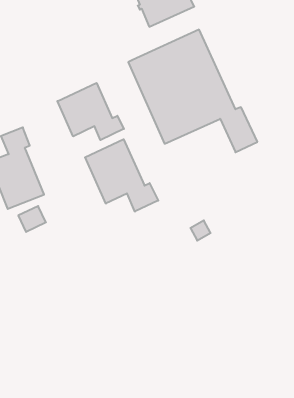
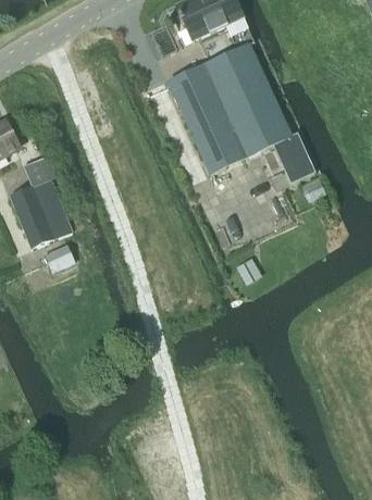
building: [57,83,124,140] -> none
building: [85,139,158,212] -> none

